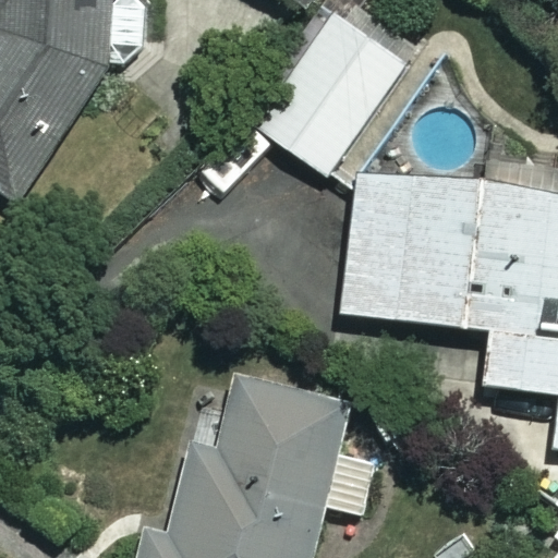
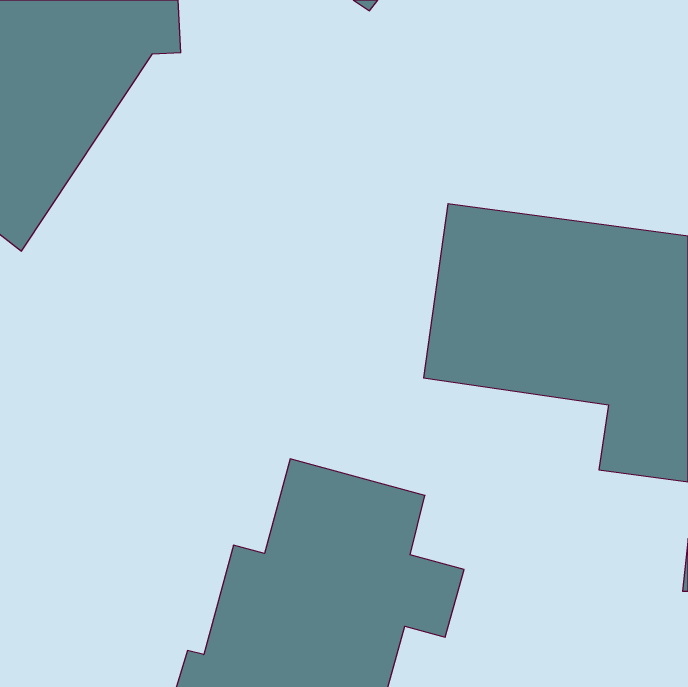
building: [254,13,403,173] -> none

